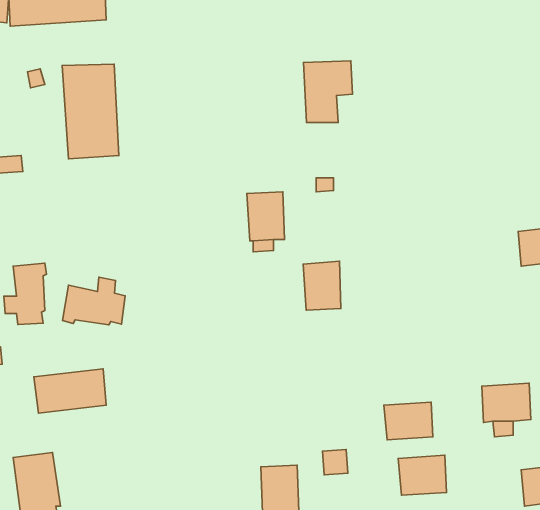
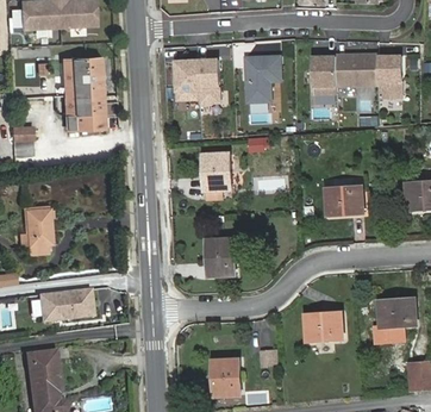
building: none -> [313,54,402,98]
building: none -> [180,58,225,107]
building: none -> [327,186,364,214]
building: [303,261,341,310] -> [207,238,236,275]
building: [63,277,125,325] -> none
building: [398,455,447,495] -> none

